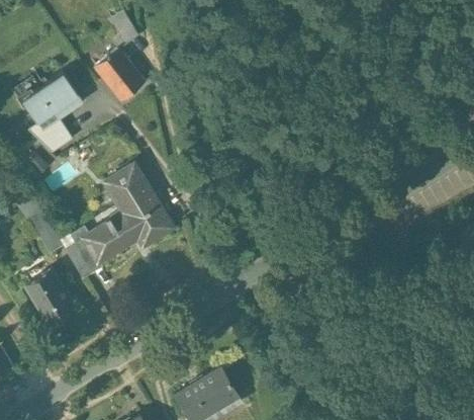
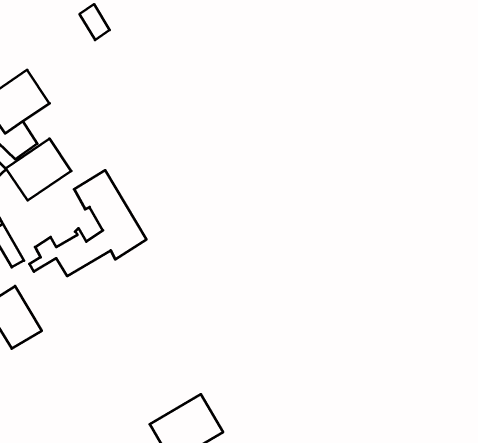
building: [94,50,145,102] -> none
building: none -> [6,139,71,200]
building: [69,244,102,278] -> none

